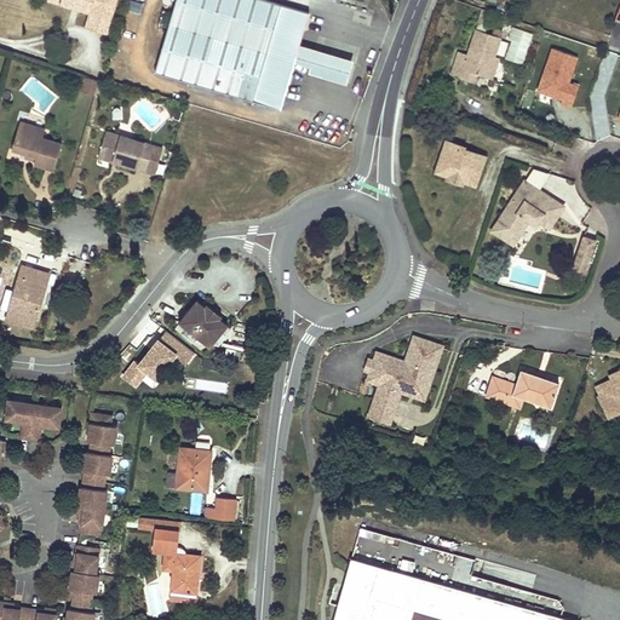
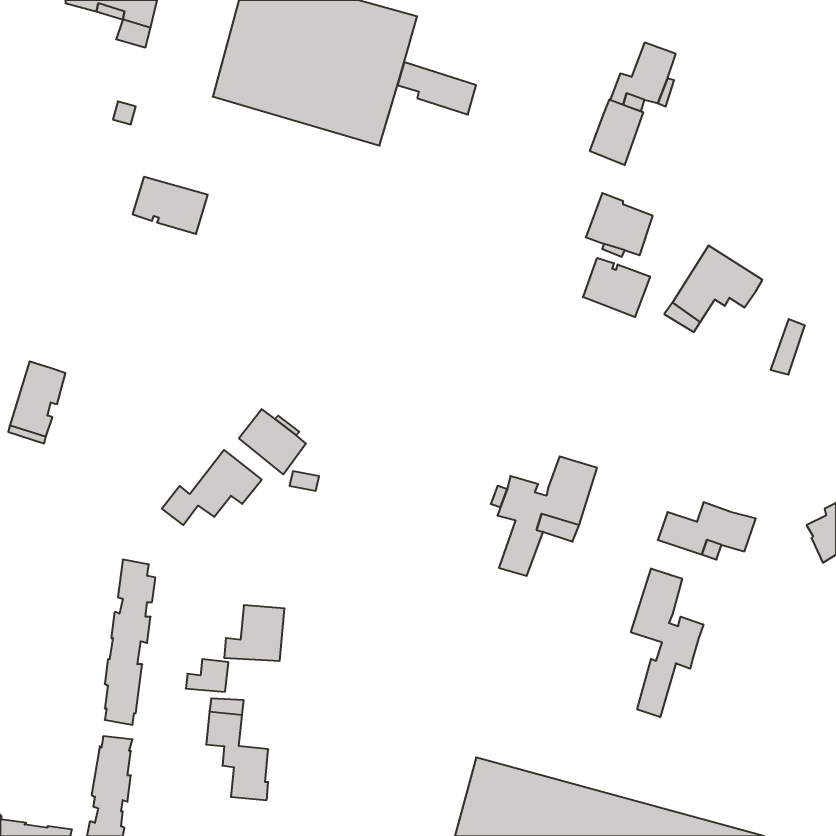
building: [504,28,532,65] -> none
building: [536,50,578,104] -> none
building: none -> [590,99,643,165]
building: [11,121,62,171] -> none
building: none -> [583,258,650,317]
building: [6,402,62,442] -> none
building: none -> [631,568,703,717]
building: [205,496,236,521] -> [186,659,228,692]

